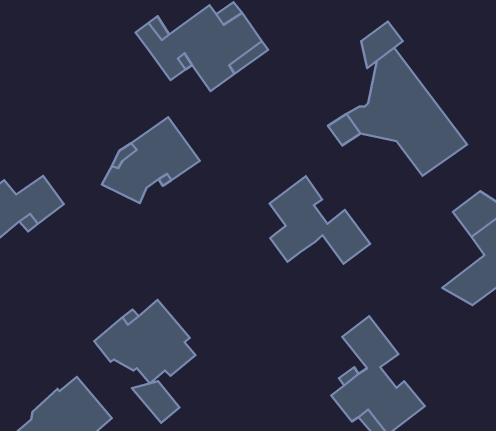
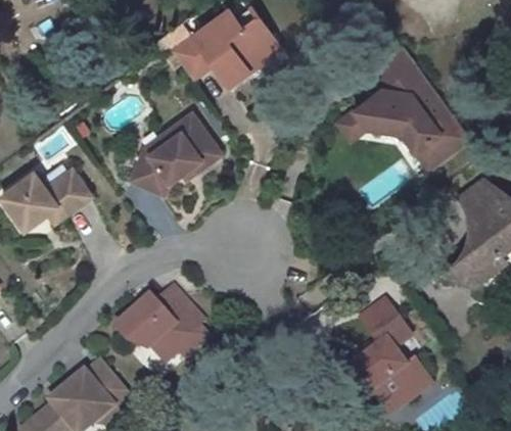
building: [361,22,403,68] -> none
building: [269,176,370,264] -> none
building: [132,381,180,423] -> none

